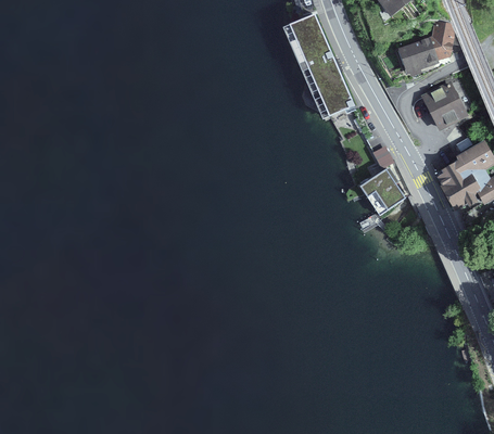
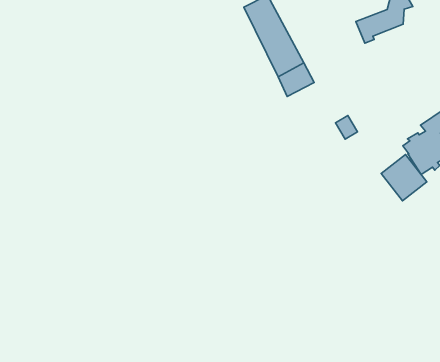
building: [422,85,464,128] -> none
building: [358,169,404,216] -> [381,154,427,201]

